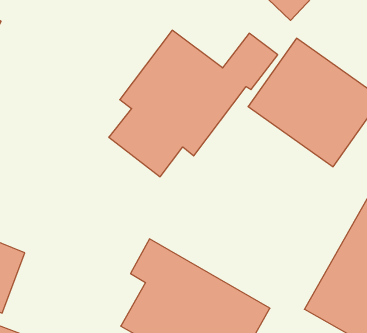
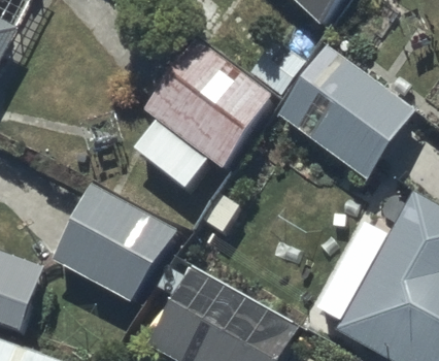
building: none -> [48,183,172,303]

